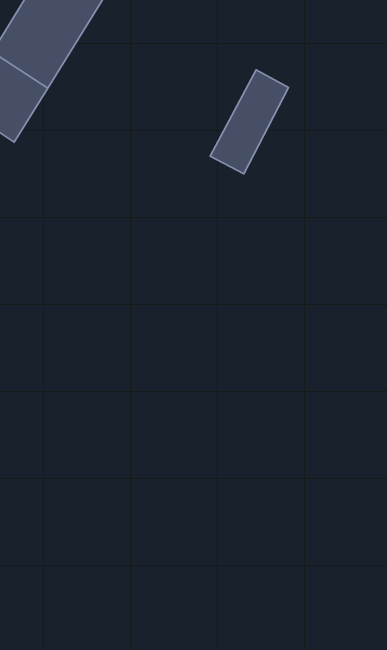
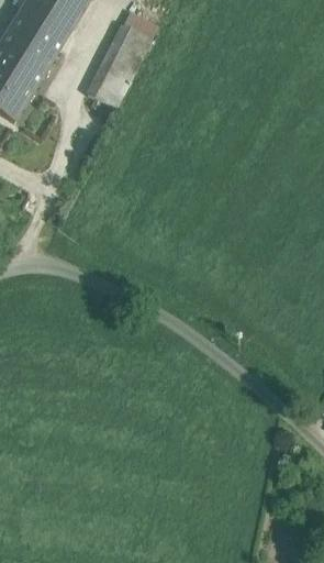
building: [210,70,289,174] -> [87,22,150,107]

